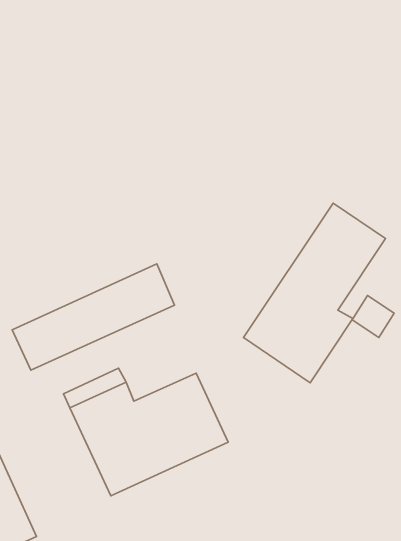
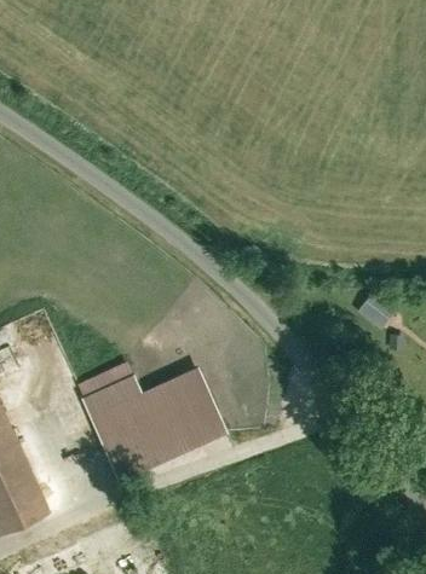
building: [244,203,385,383] -> none
building: [12,264,175,370] -> none

